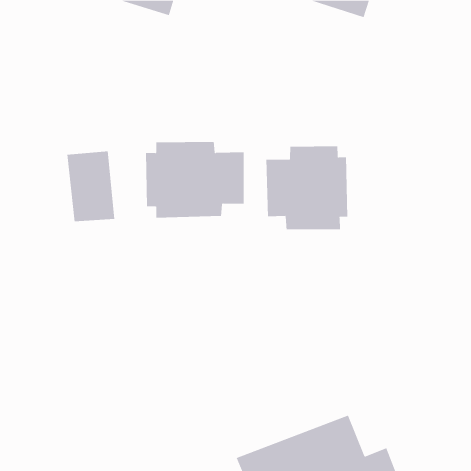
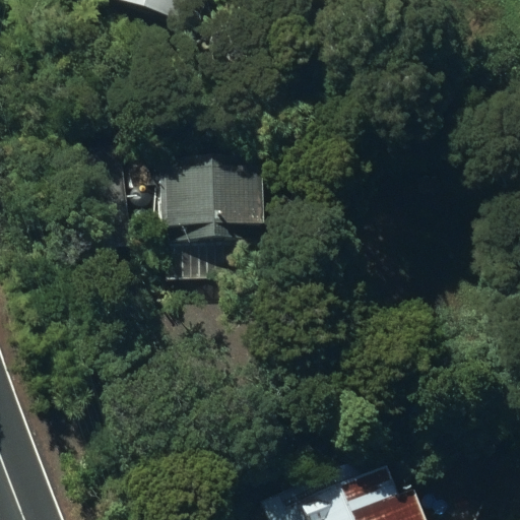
building: [266,145,348,230] -> none

